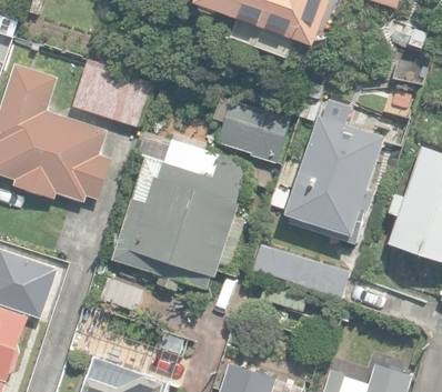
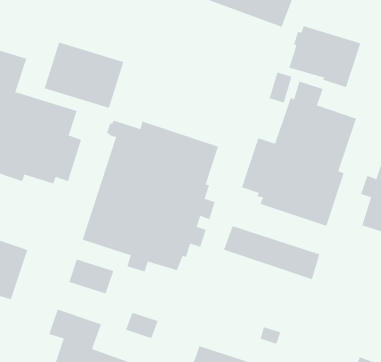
building: [217,100,289,162] -> [289,25,361,88]

